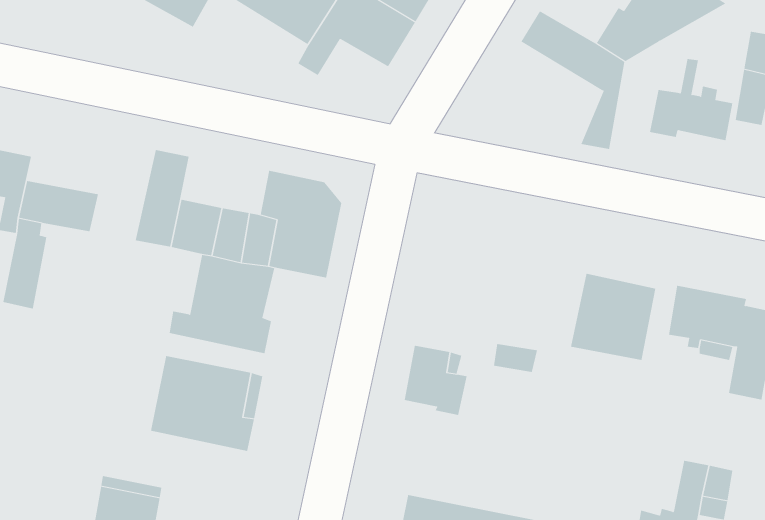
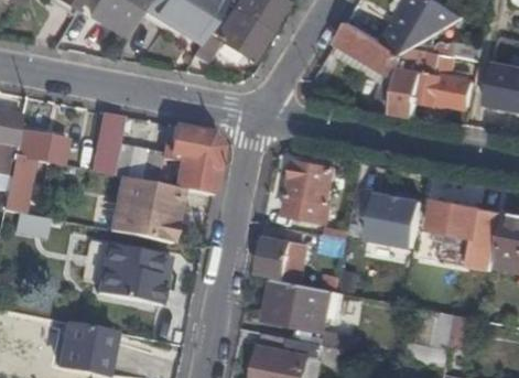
building: none -> [392,43,442,117]
building: none -> [284,162,334,223]
building: none -> [264,279,343,332]

